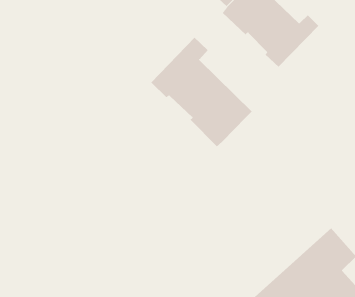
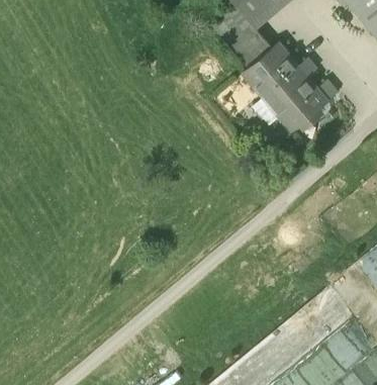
building: [151,37,252,147] -> none

